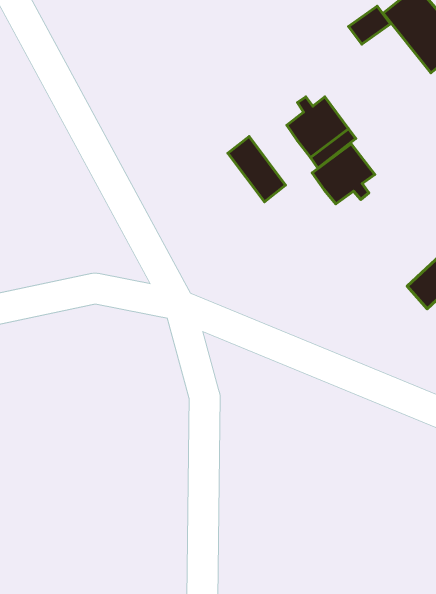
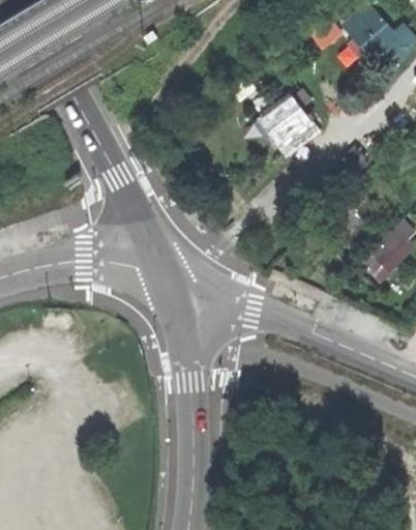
building: [228,137,286,202] -> none
building: [312,144,375,204] -> none

